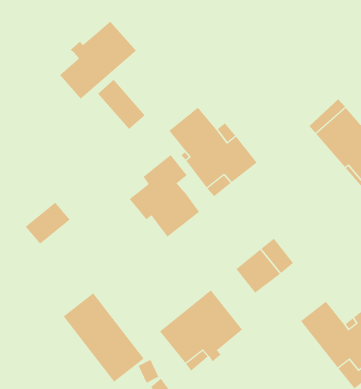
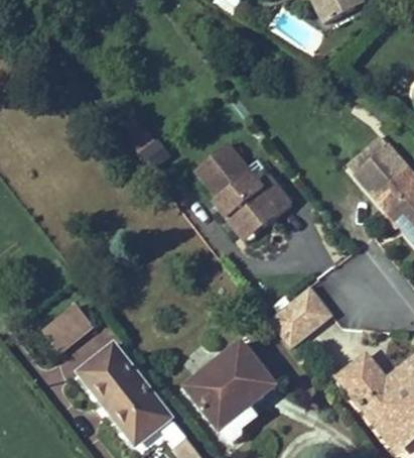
building: [59,21,137,100] -> none
building: [129,154,200,237] -> none
building: [25,202,70,244] -> [43,305,93,351]

